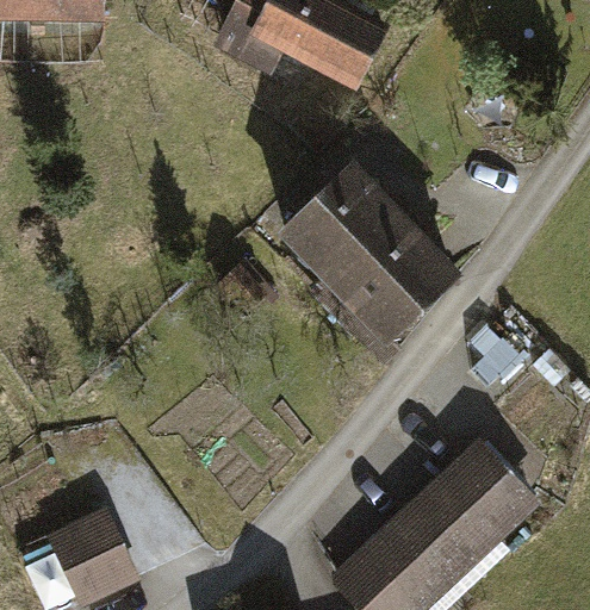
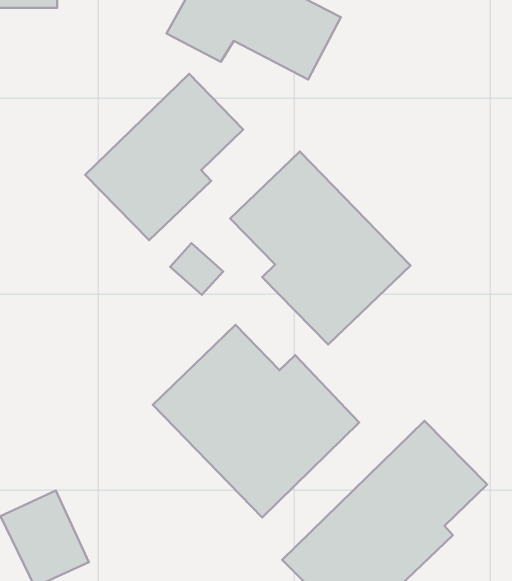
building: none -> [85,74,243,240]
building: none -> [153,325,359,517]

